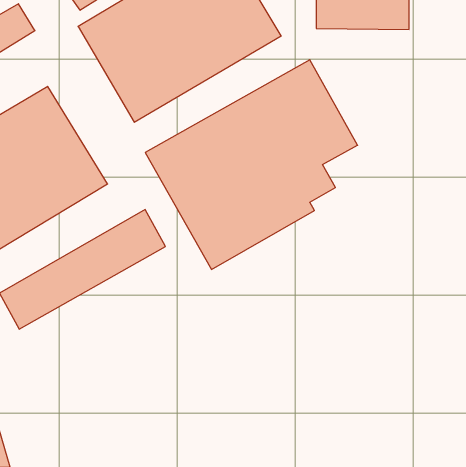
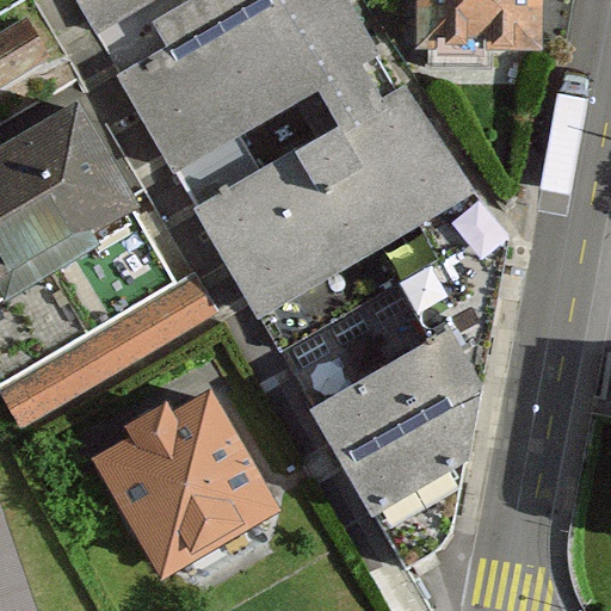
building: none -> [302,303,479,502]
building: none -> [82,377,282,586]

